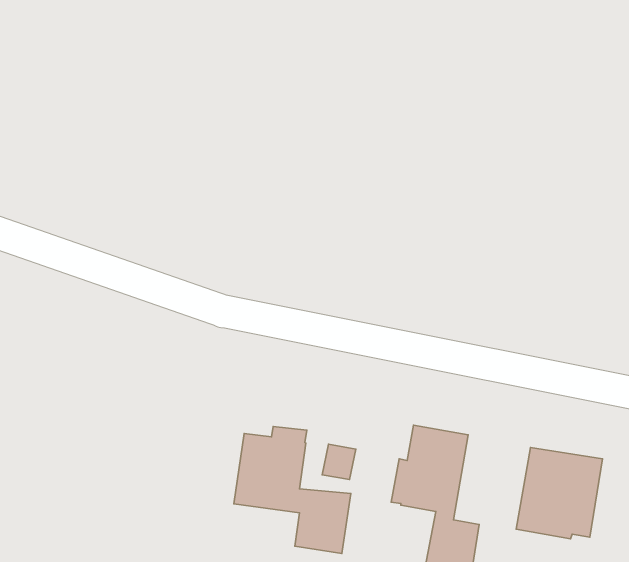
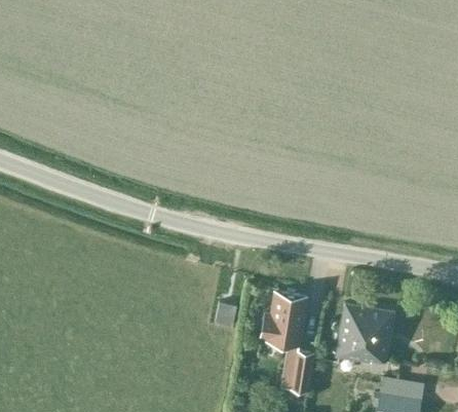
building: [234,426,351,554] -> none

